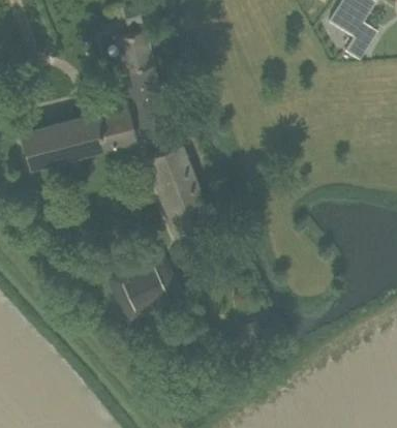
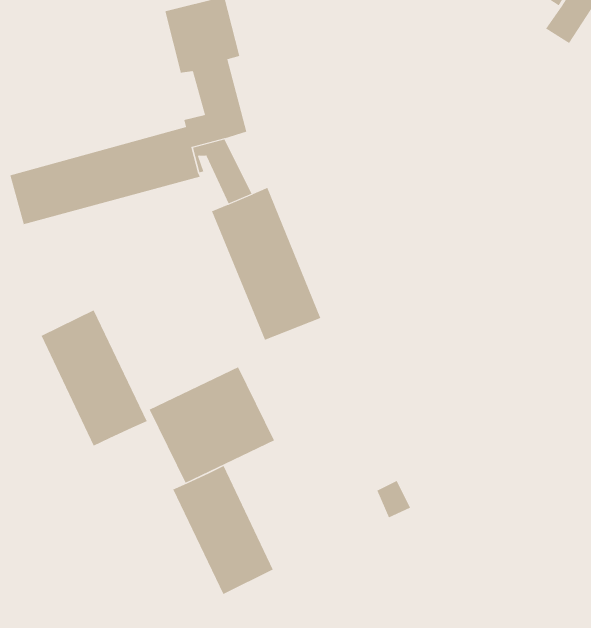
building: none -> [41,309,148,447]
building: none -> [172,465,274,595]

